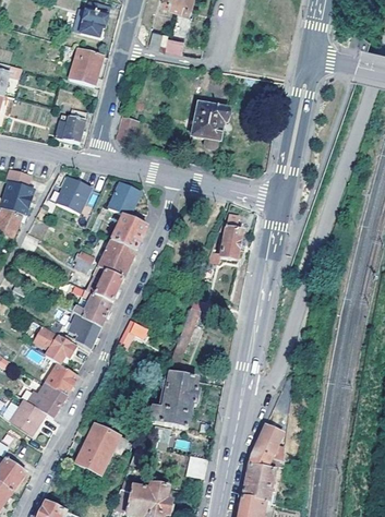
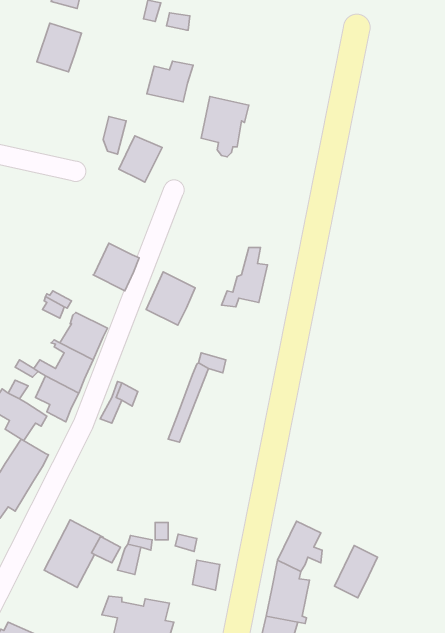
building: none -> [147,61,193,102]
building: [56,109,87,142] -> none
building: [57,176,93,213] -> none
building: [108,182,141,217] -> [119,136,162,182]
building: [98,239,135,279] -> [146,272,195,325]
building: [146,369,198,428] -> none
building: none -> [334,546,377,598]

